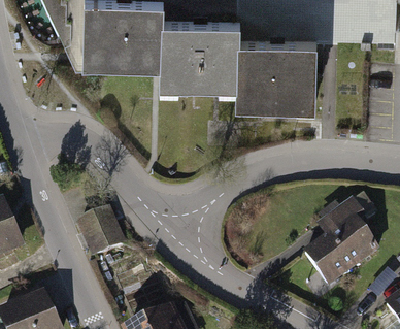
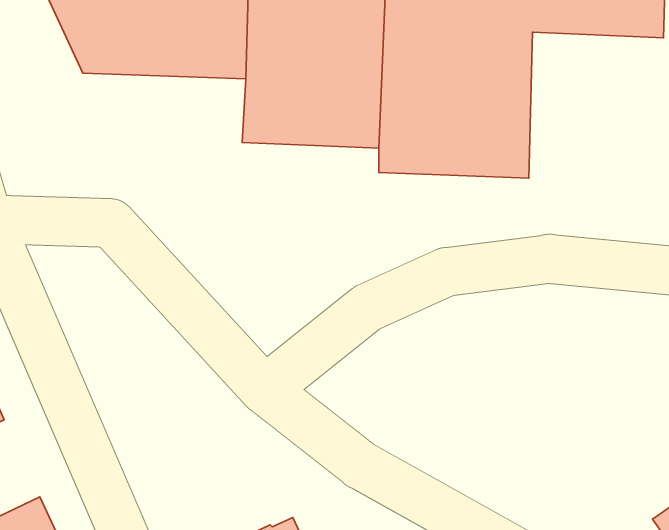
building: [303,188,378,287] -> none
building: [74,209,126,262] -> none

